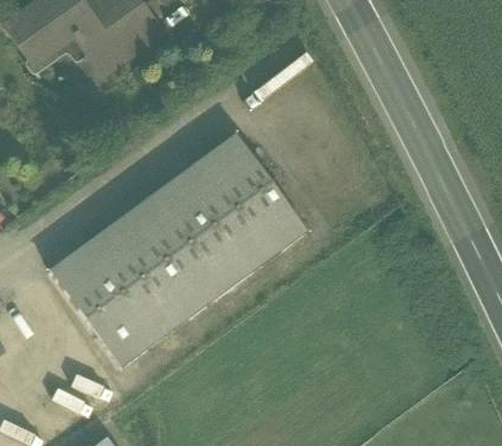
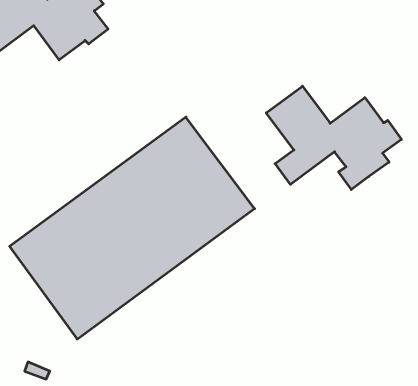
building: none -> [266,86,401,190]

